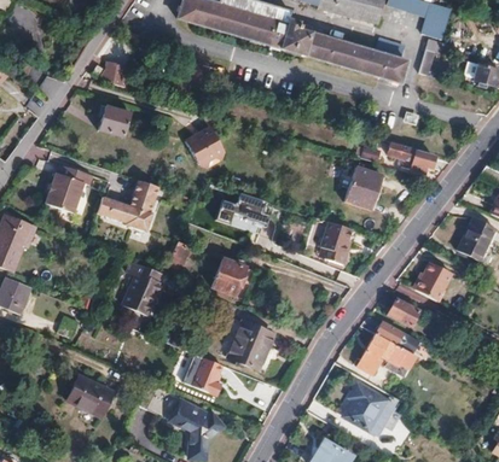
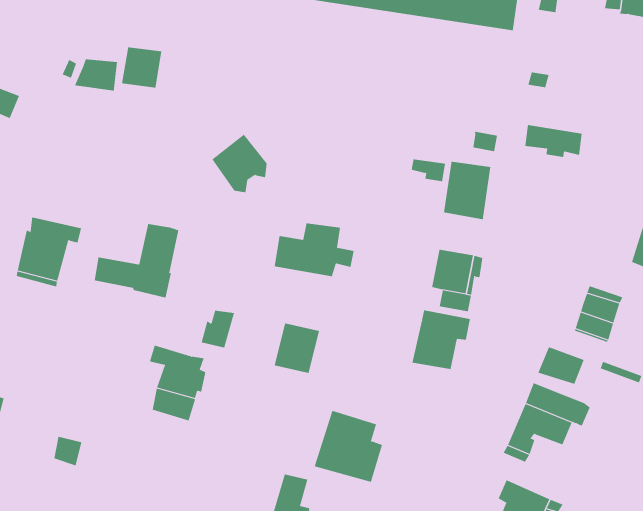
building: [103,105,133,135] -> [121,47,162,88]
building: none -> [412,310,470,370]

